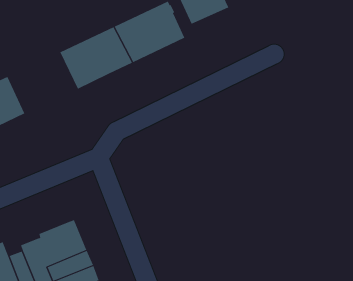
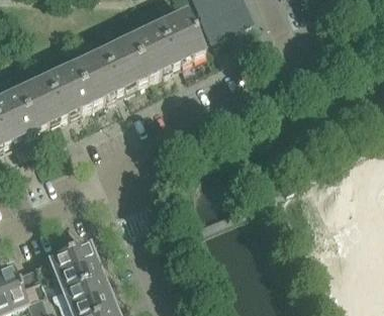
building: none -> [17,63,91,127]

